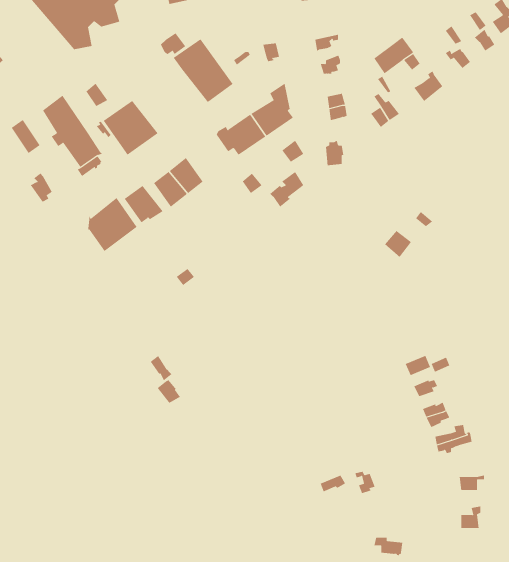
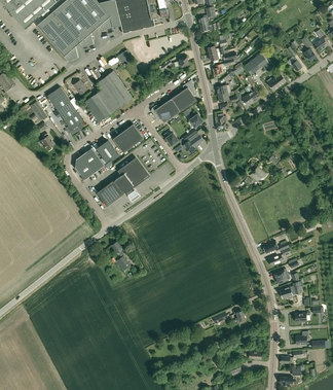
building: [173,39,234,103] -> [97,71,133,109]
building: none -> [97,158,149,206]

